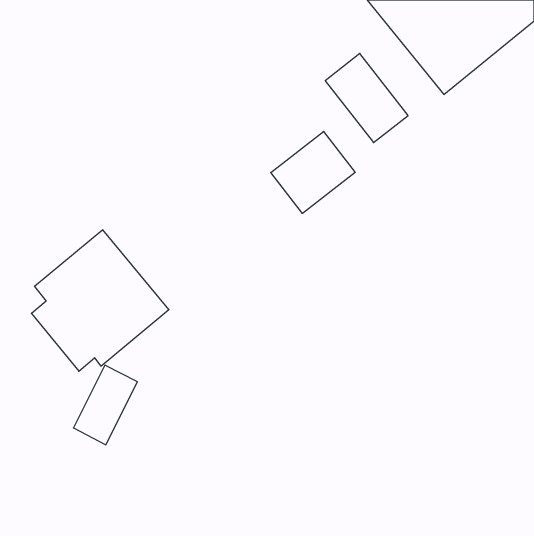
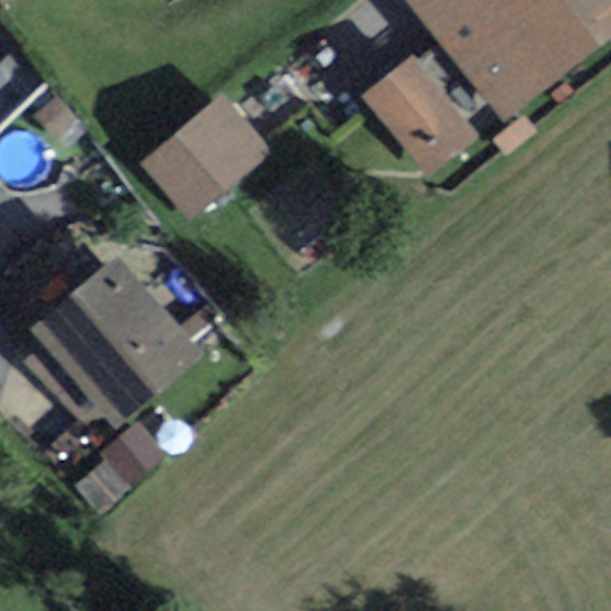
building: none -> [148,99,261,210]
building: [271,131,355,213] -> none

